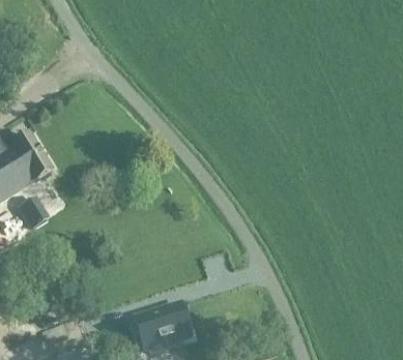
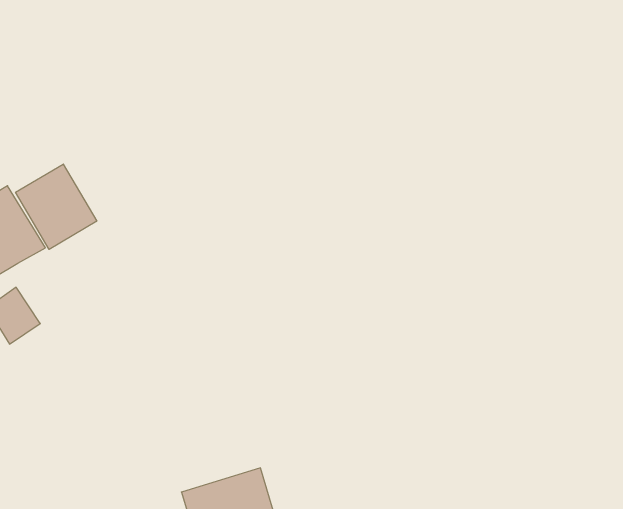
building: none -> [16,164,97,249]

